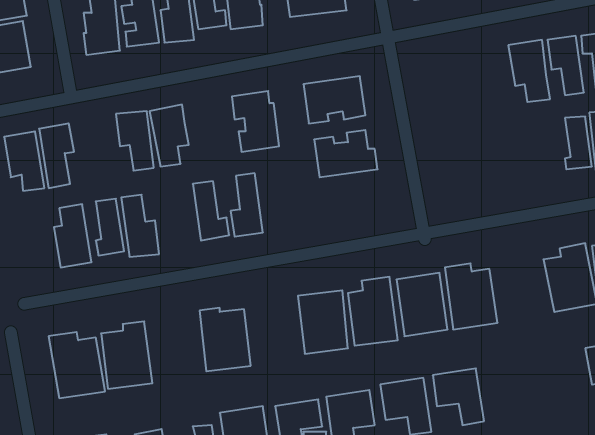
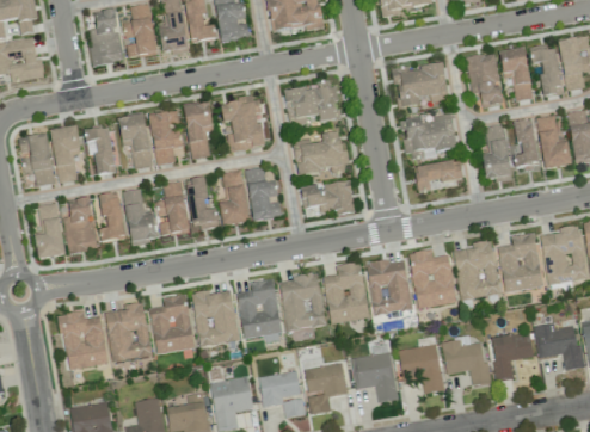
building: none -> [394,64,448,107]
building: none -> [184,100,213,158]
building: none -> [400,112,456,160]
building: none -> [483,124,512,180]
building: none -> [86,128,116,174]
building: none -> [414,159,463,192]
building: none -> [246,166,282,220]
building: none -> [156,180,190,236]
building: none -> [301,180,355,214]
building: none -> [35,203,64,258]
building: none -> [453,239,500,300]
building: none -> [236,278,282,338]
building: none -> [150,294,195,352]
building: none -> [491,331,534,379]
building: none -> [442,338,490,385]

